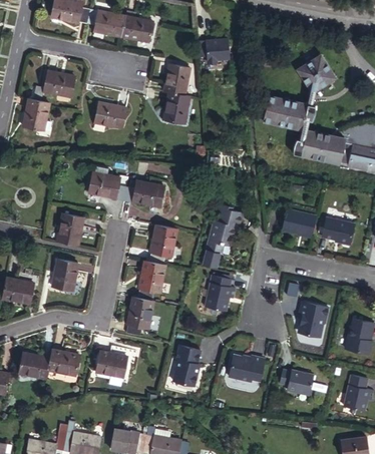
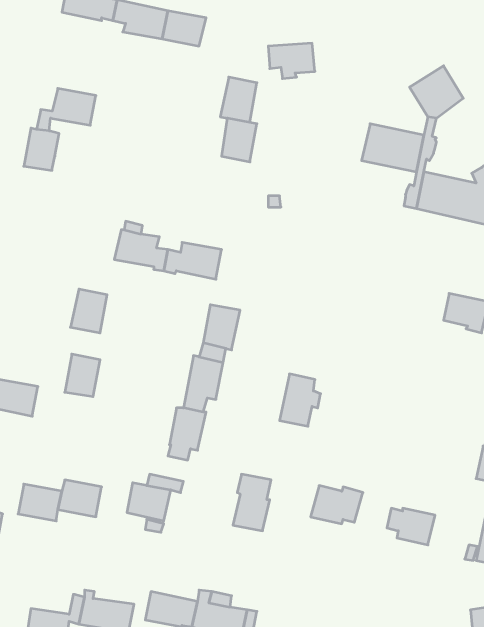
building: [94,102,126,128] -> none
building: [207,206,242,254] -> none
building: [282,208,316,236] -> none
building: [298,300,329,336] -> none

